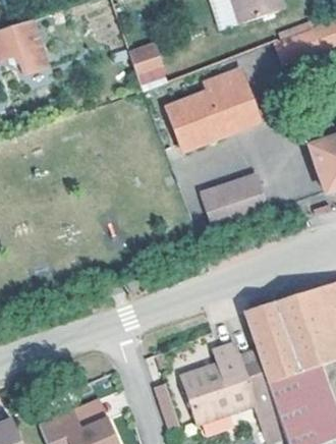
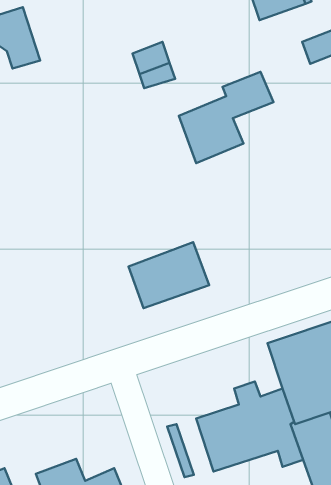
building: [215,98,259,134] -> none
building: [198,174,269,232] -> [129,242,209,308]

